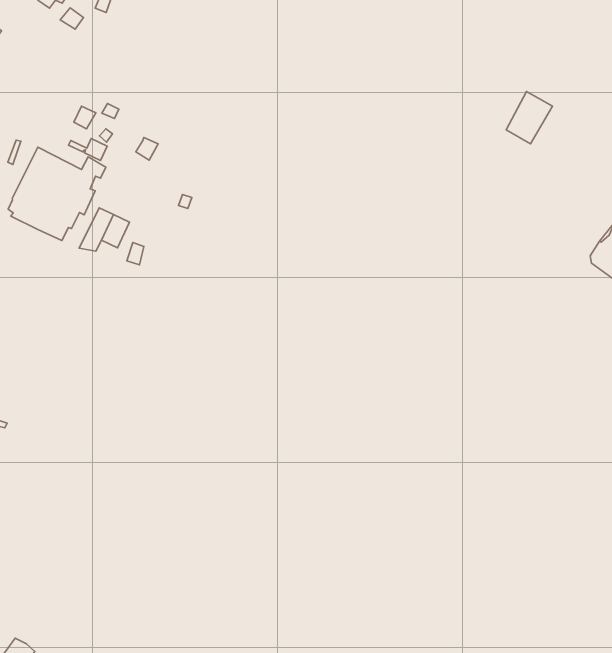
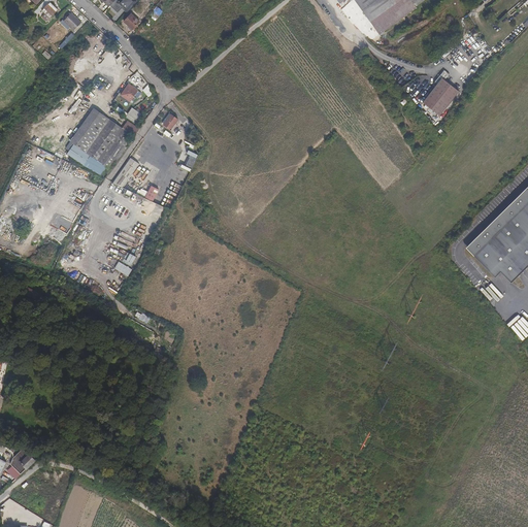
building: [506,91,552,144] -> [422,77,457,114]

